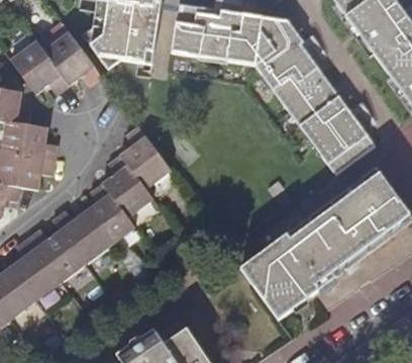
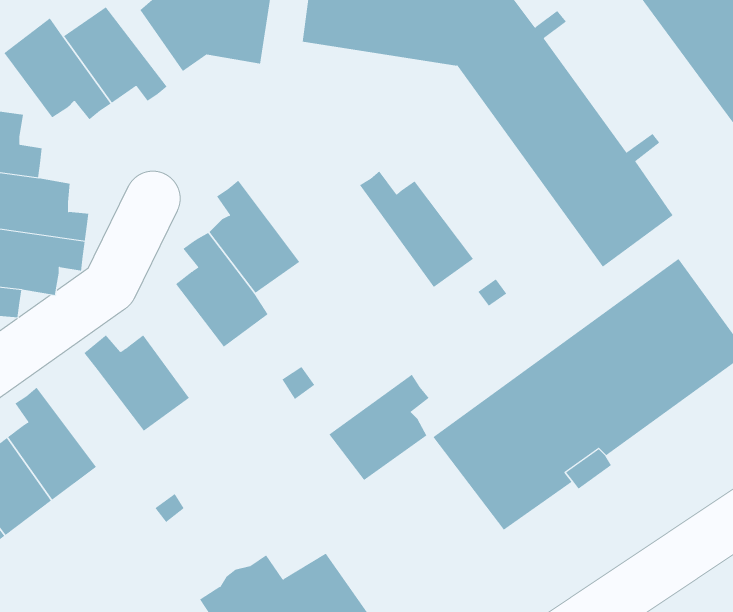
building: none -> [359,171,474,288]
building: [87,182,136,244] -> none
building: [29,229,87,281] -> none
building: none -> [328,374,429,481]

